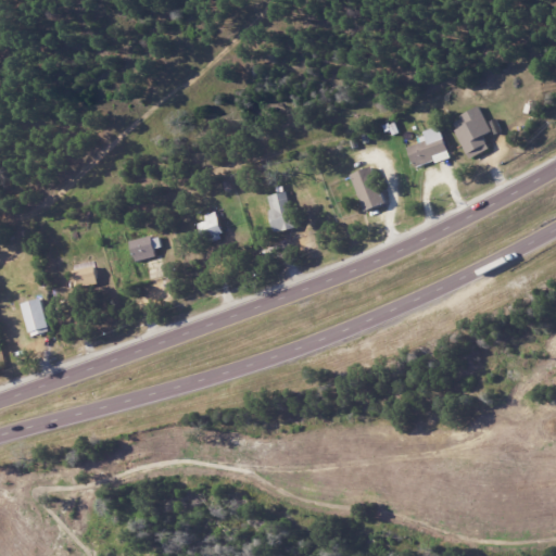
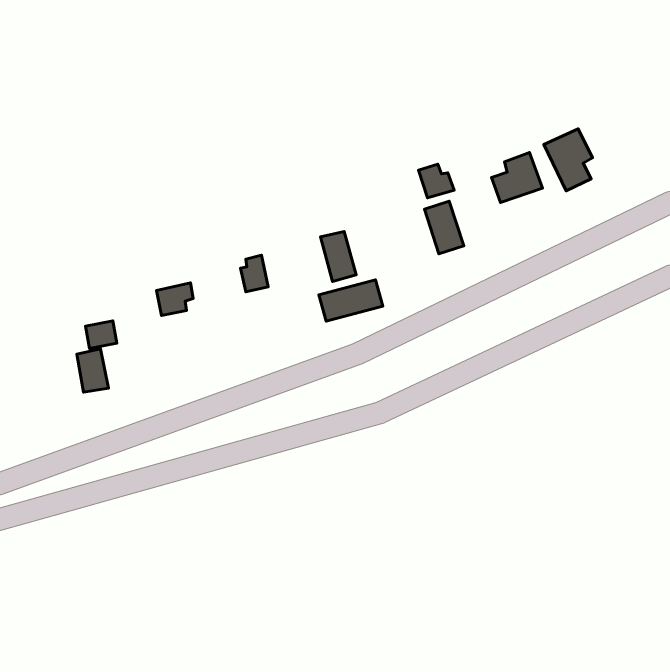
building: none -> [418,164,454,198]
building: none -> [319,280,383,321]
building: [22,298,48,333] -> [77,349,108,392]

